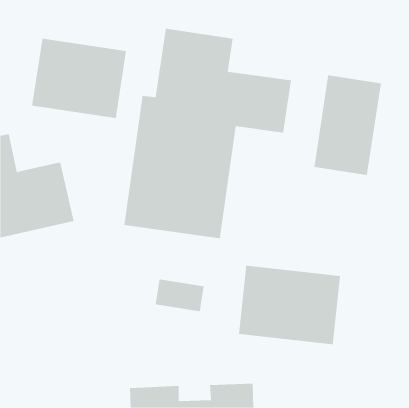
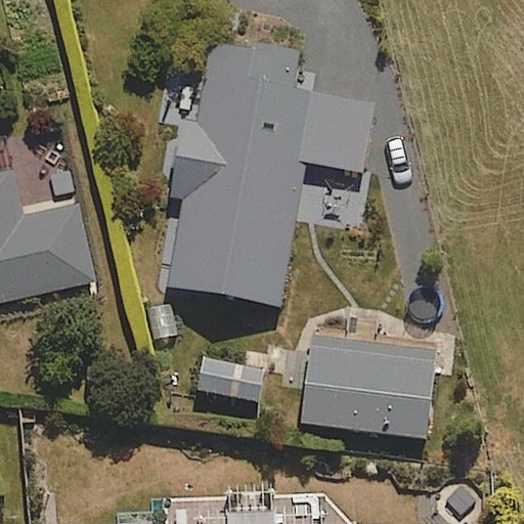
building: [32,38,127,119] -> none
building: [314,74,381,176] -> none

